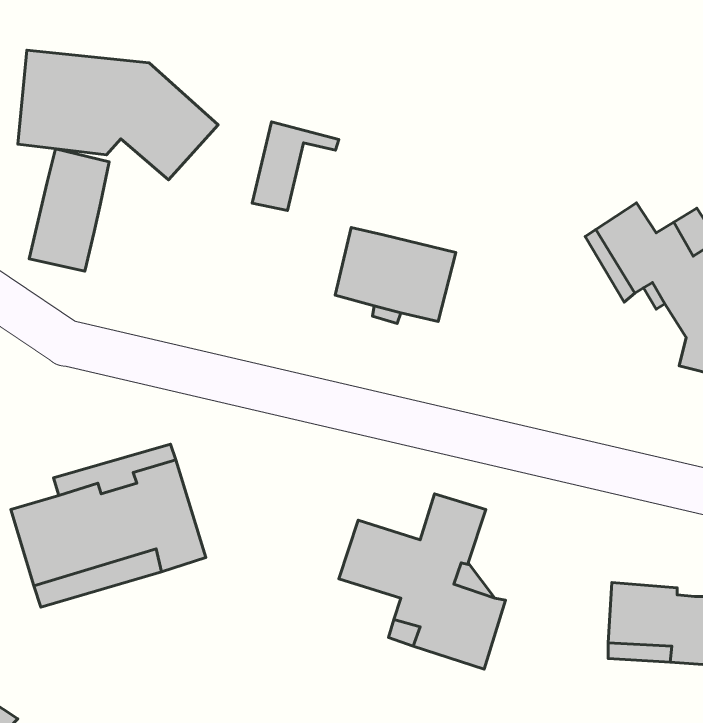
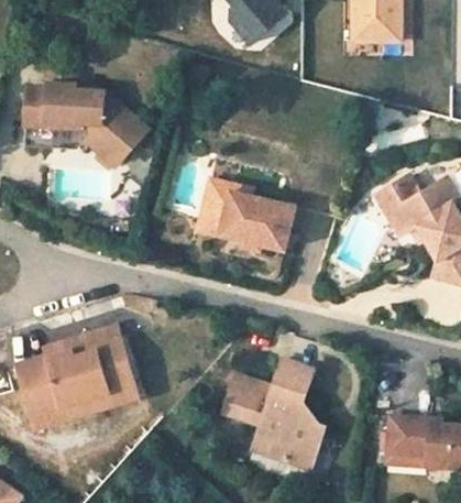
building: [252,122,339,210] -> [197,178,251,233]
building: [29,149,109,271] -> none

